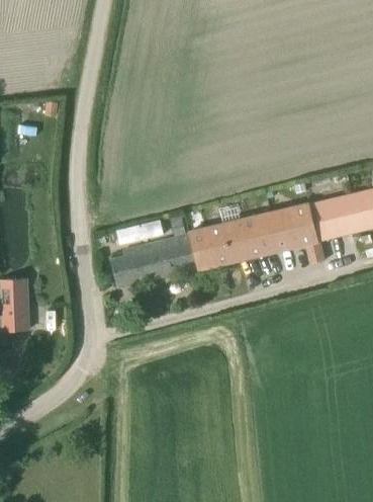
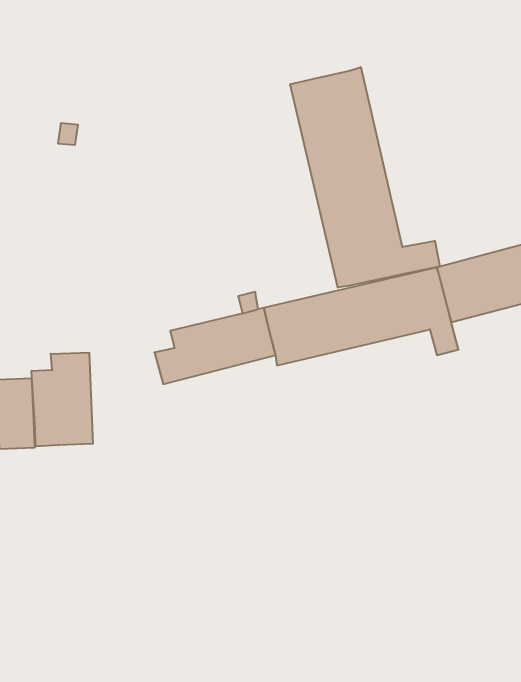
building: none -> [290,67,440,288]
building: none -> [31,353,93,447]

